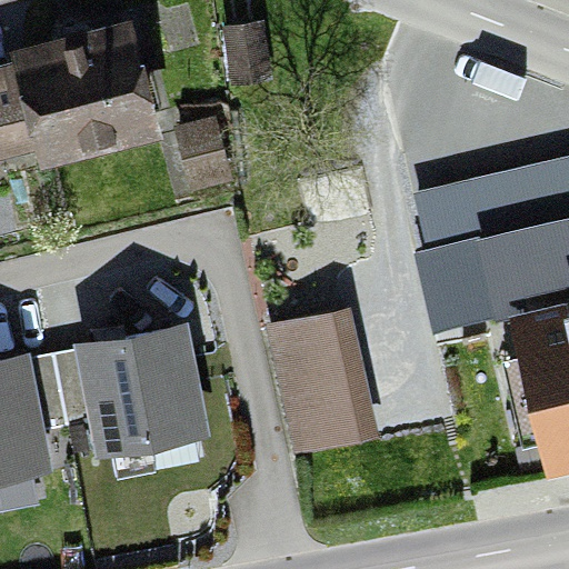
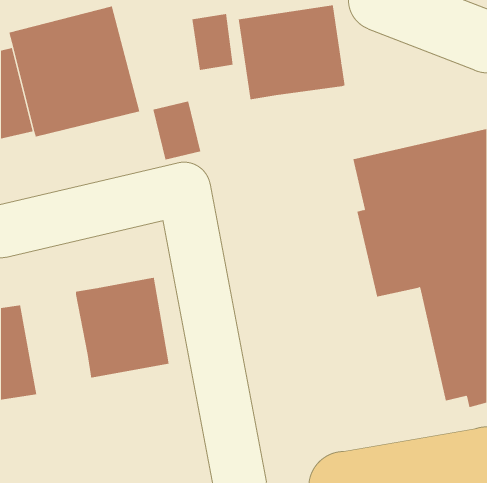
building: none -> [238,4,345,100]
building: [266,305,381,457] -> none
building: [24,348,101,429] -> none

